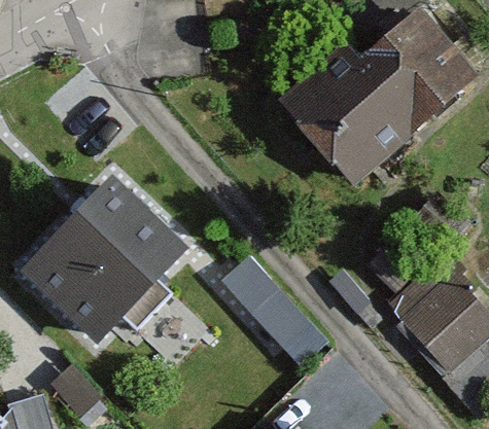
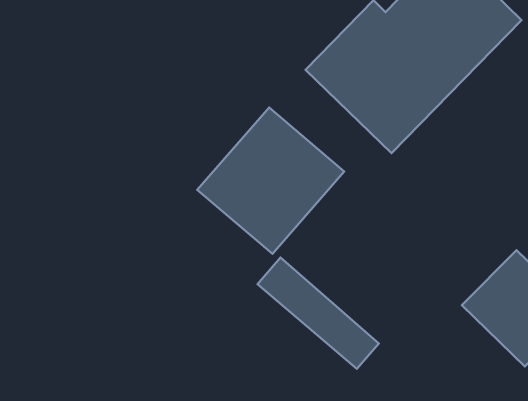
building: none -> [197,107,344,254]
building: [30,188,176,334] -> none

